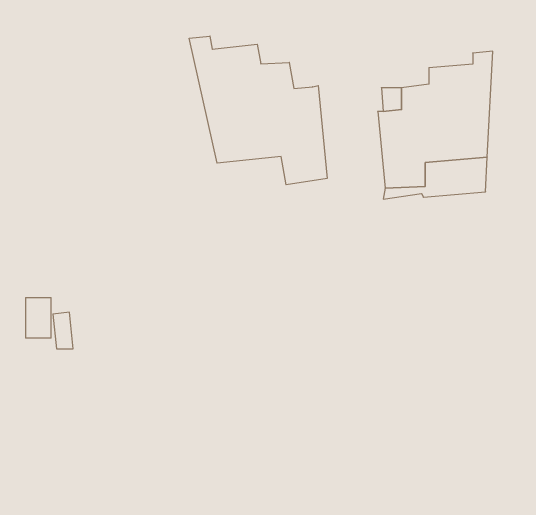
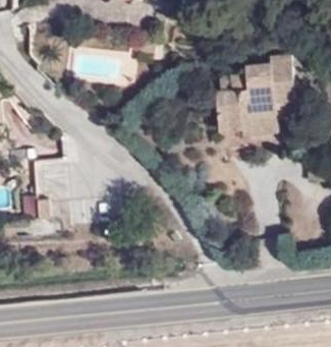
building: [189,36,327,185] -> none

